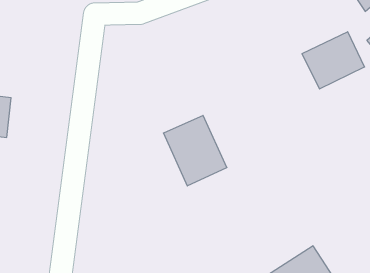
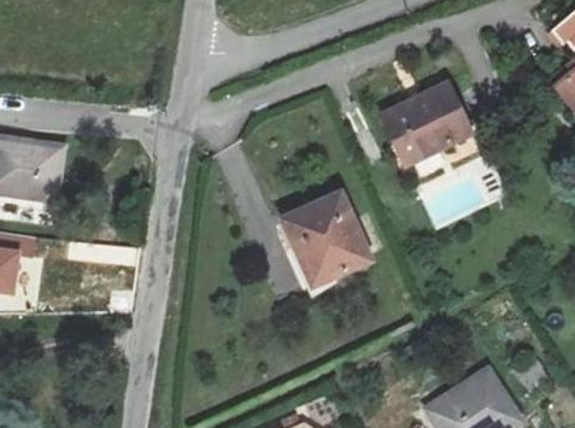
building: [302,32,365,89] -> [382,82,468,160]

